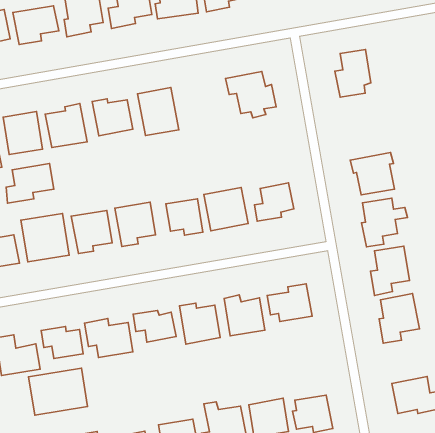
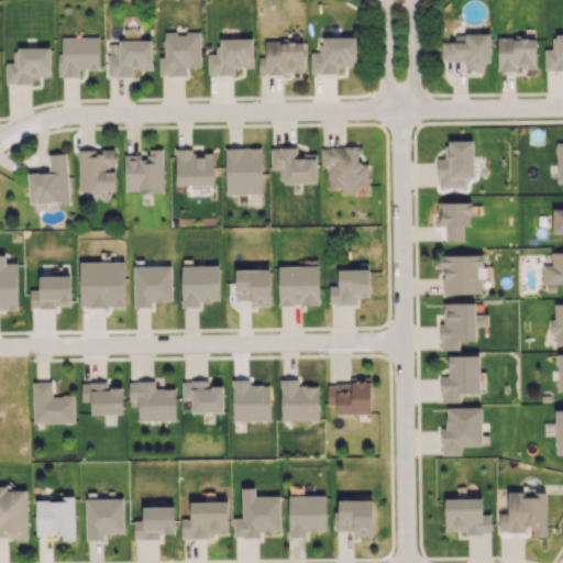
building: none -> [272,148,317,184]
building: none -> [439,202,472,243]
building: [6,164,54,203] -> none
building: [29,368,88,415] -> none

